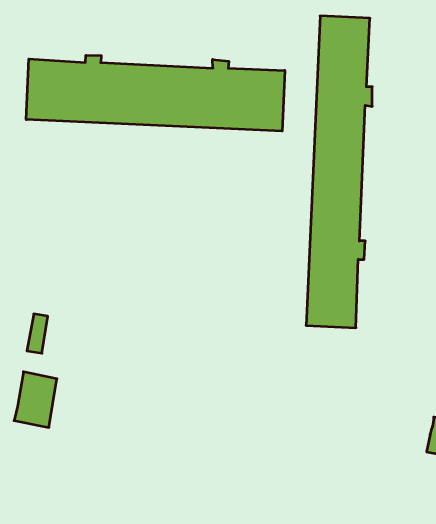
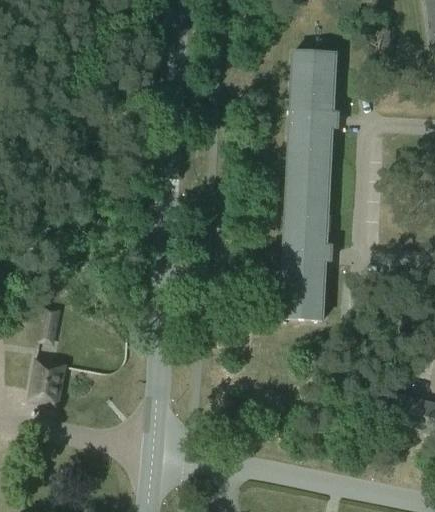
building: [26,55,285,131] -> none

